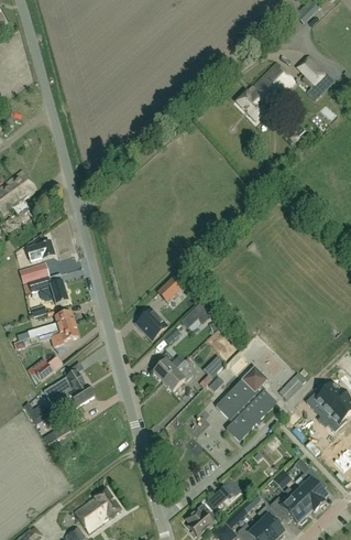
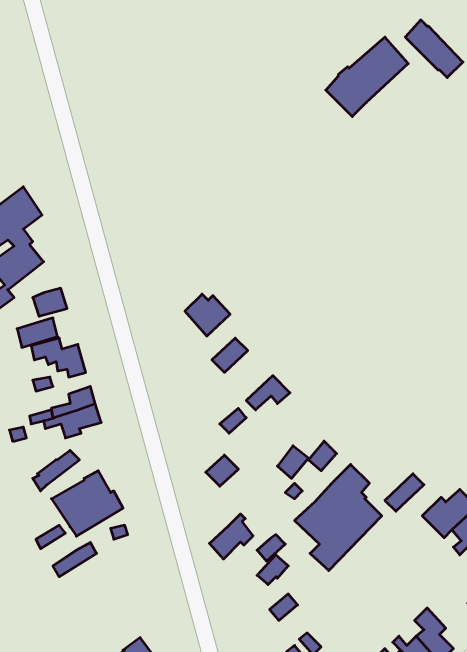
building: [135,311,167,341] -> [185,294,230,336]
building: [162,360,193,392] -> [209,514,253,559]

